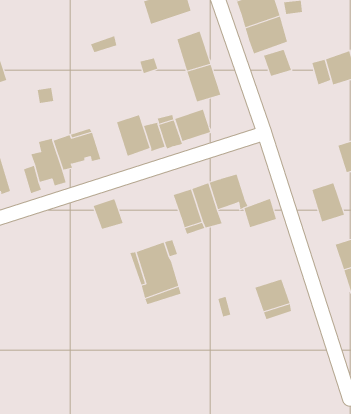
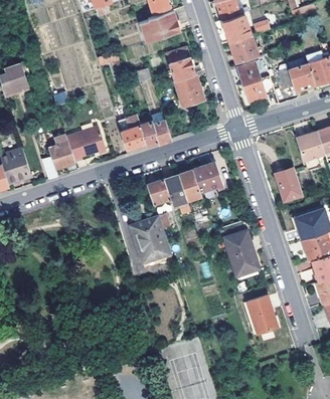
building: none -> [243,75,275,101]
building: [174,109,211,142] -> none
building: [243,198,277,228] -> [225,231,253,255]
building: [93,199,124,229] -> [146,180,171,205]
building: none -> [246,297,280,338]

